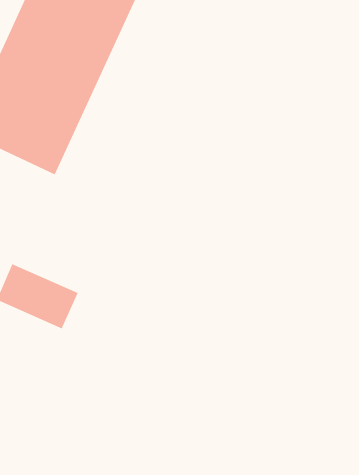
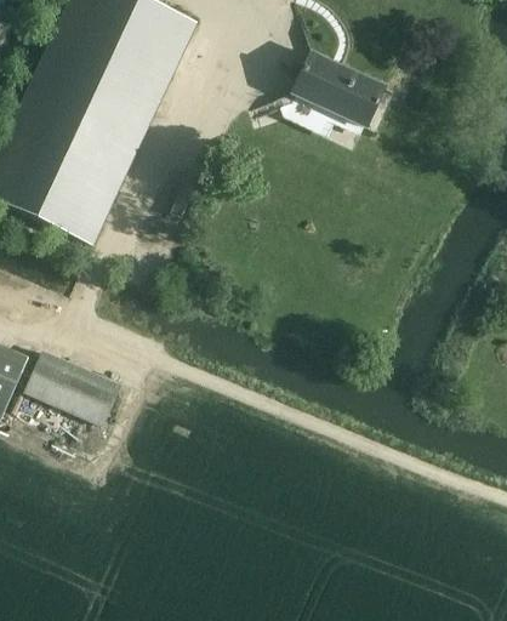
building: none -> [294,56,384,131]

